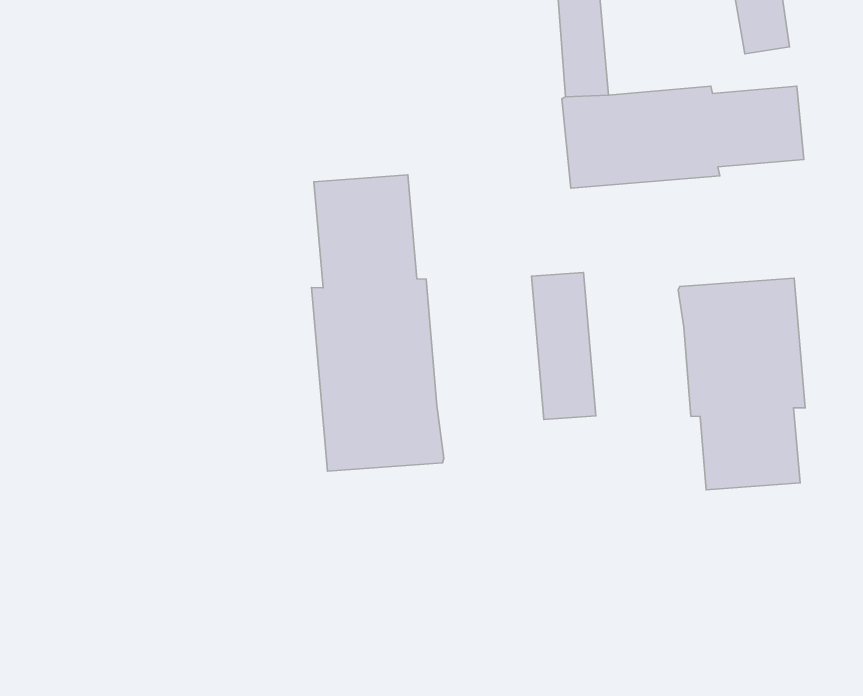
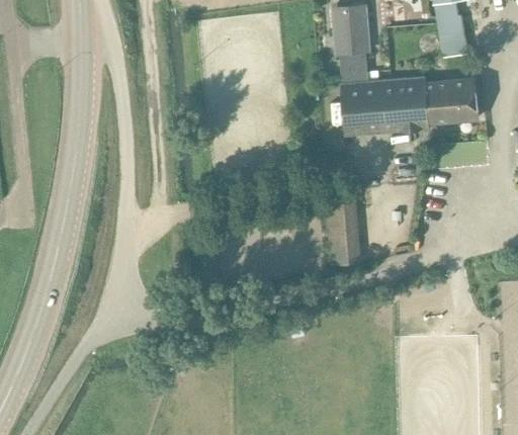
building: [311,175,444,471] -> none
building: [678,278,805,490] -> none

